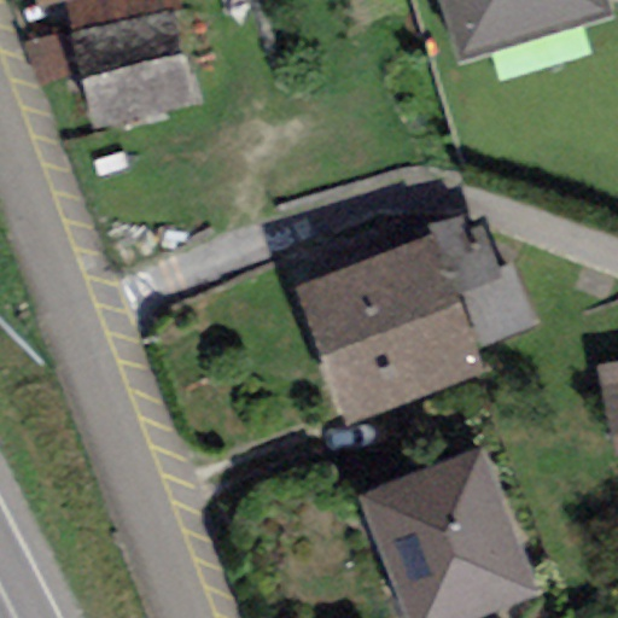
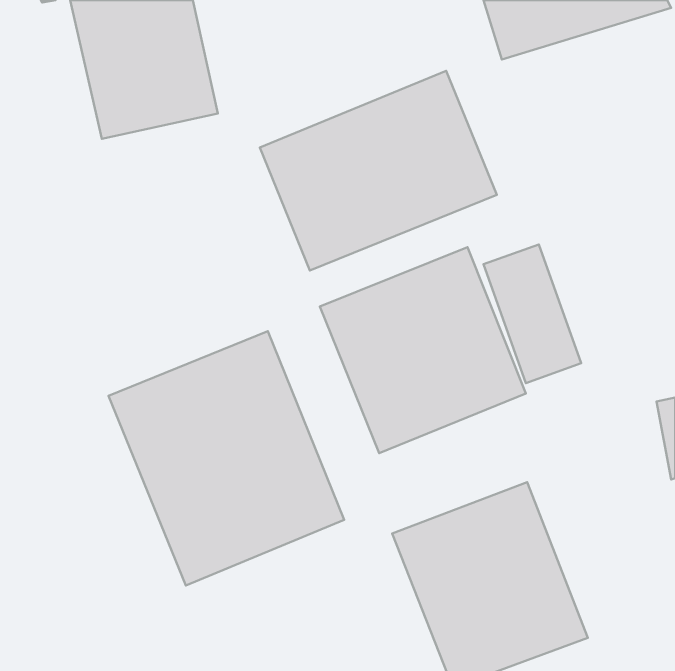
building: none -> [260,71,497,271]
building: none -> [108,331,344,586]

